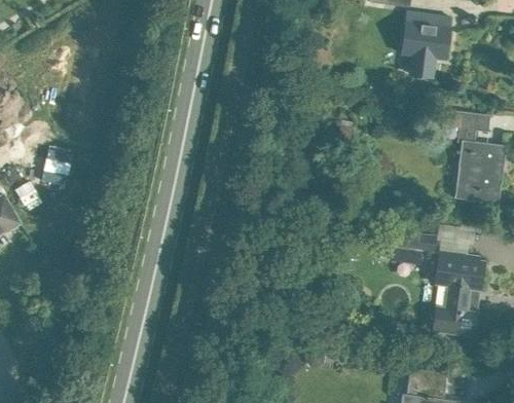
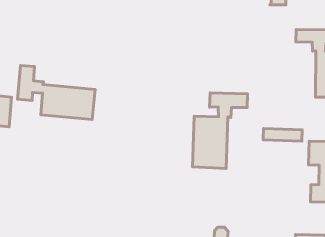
building: none -> [18,65,95,119]
building: none -> [193,93,248,168]

